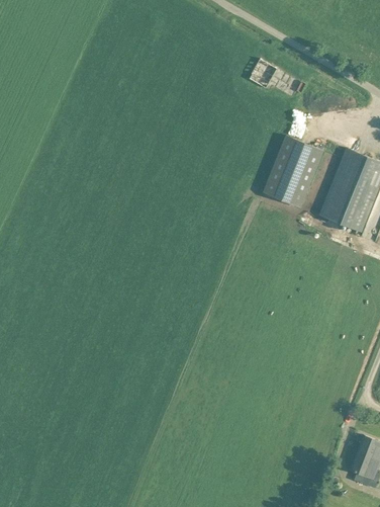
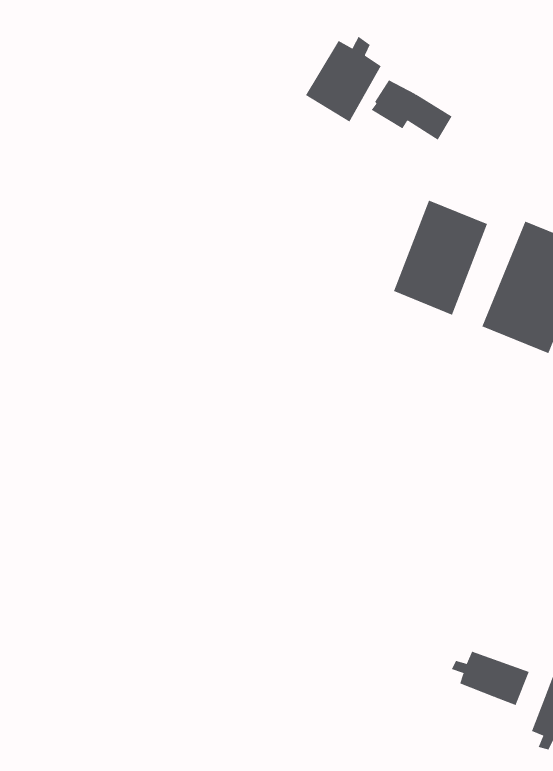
building: none -> [305,36,382,123]
building: none -> [451,651,529,706]

